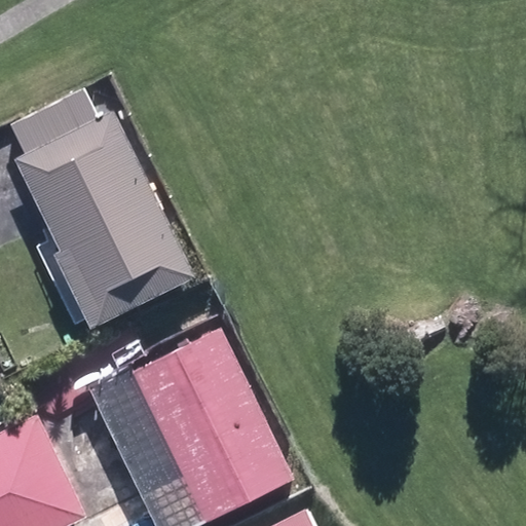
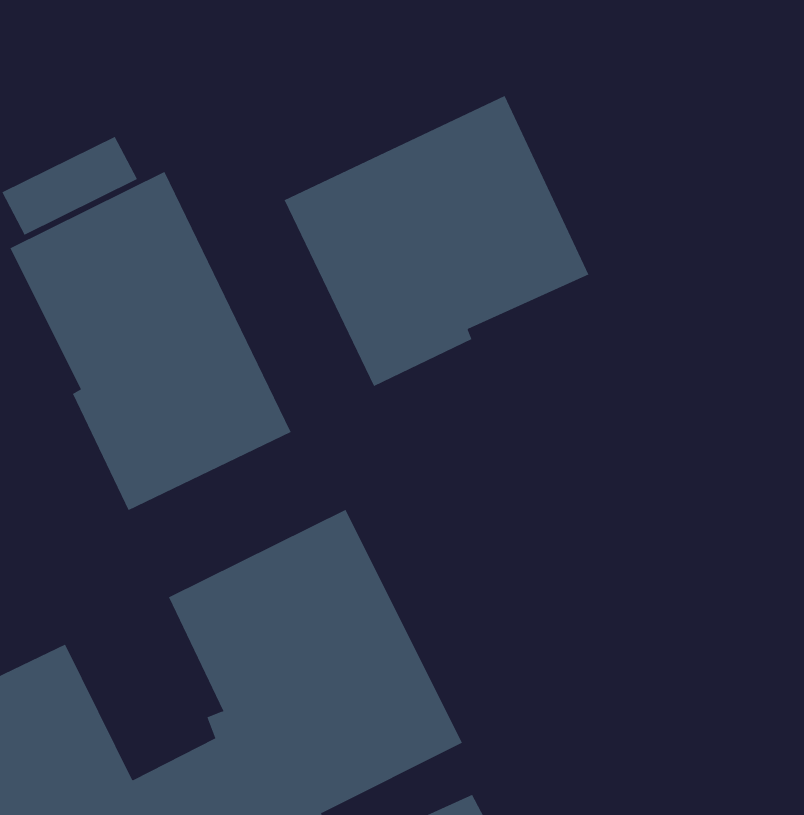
building: none -> [284,95,589,387]

